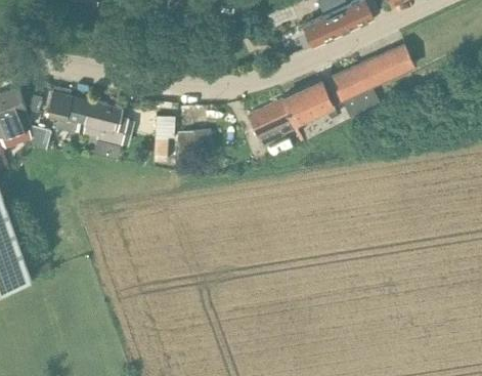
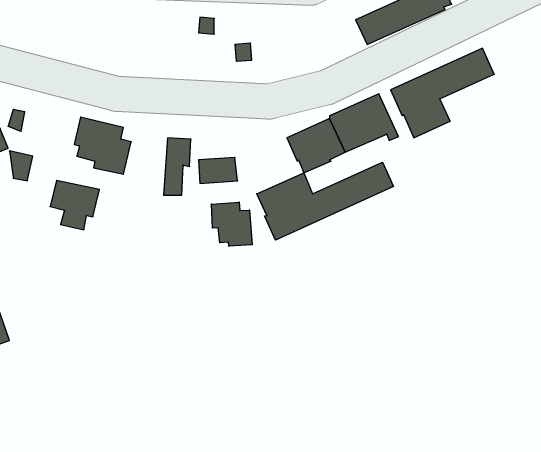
building: [48,94,87,133] -> [50,180,99,230]
building: none -> [257,162,393,240]
building: none -> [211,202,252,246]

